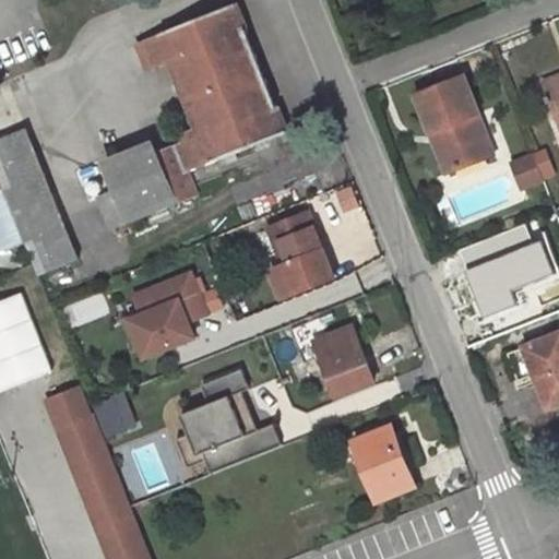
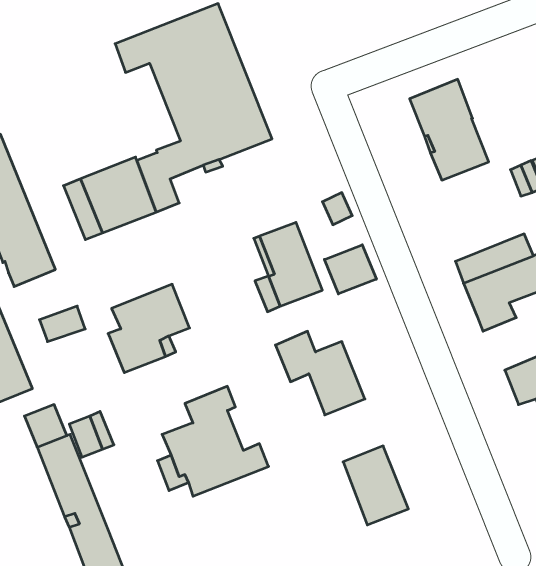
building: none -> [324,245,376,294]

